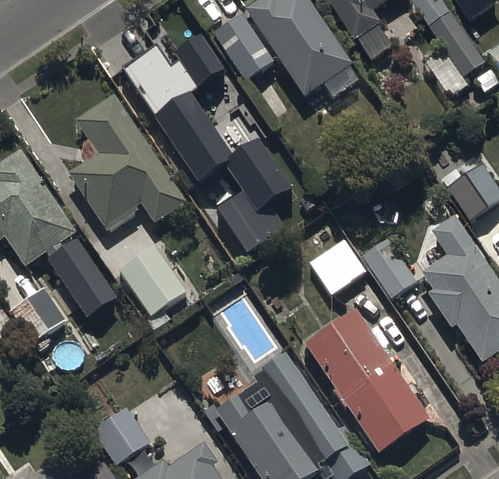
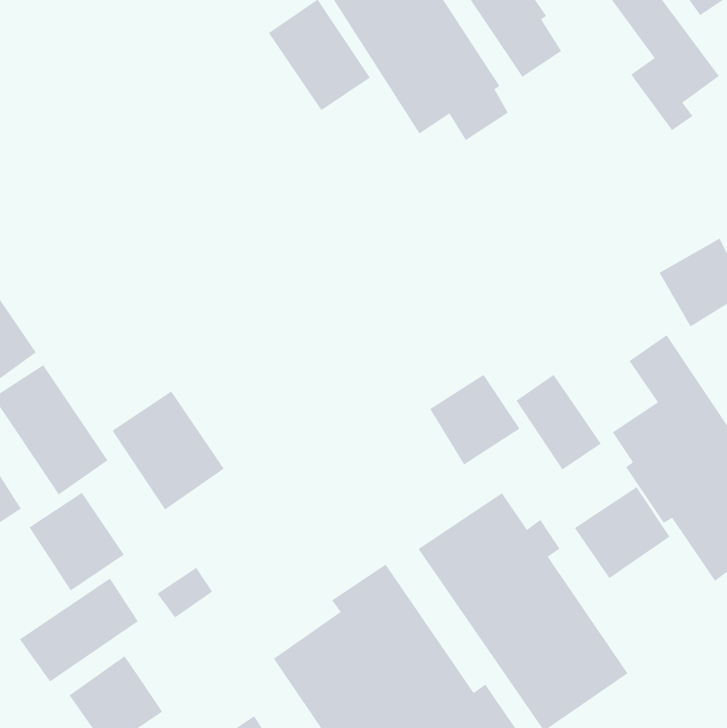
building: [123,30,295,249] -> none
building: [70,95,186,229] -> none
building: none -> [574,486,670,579]
building: none -> [28,492,125,592]
building: none -> [19,577,139,682]

